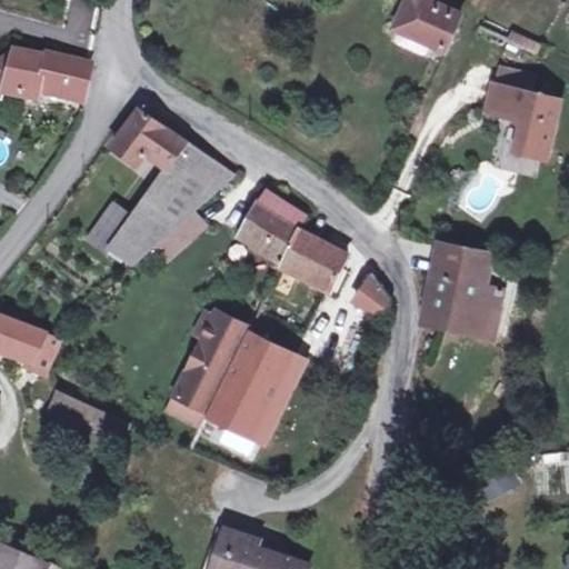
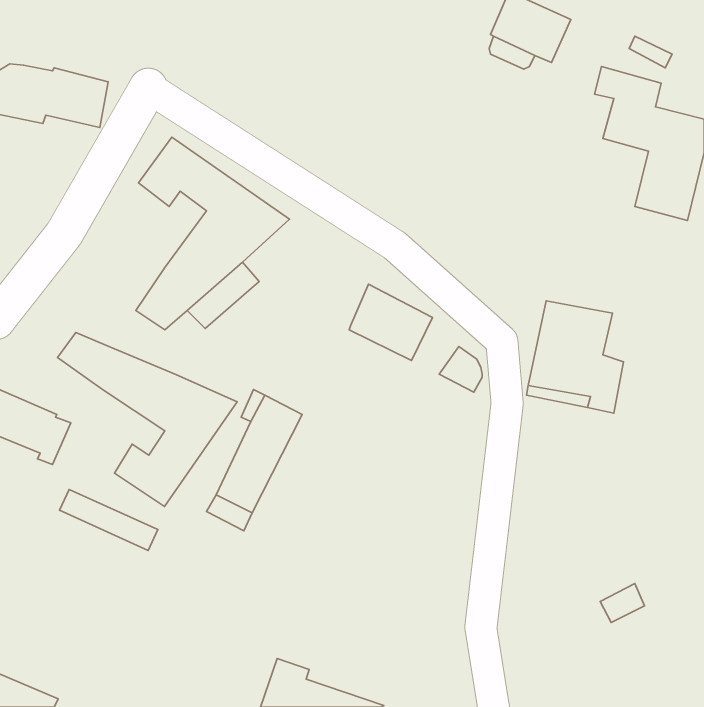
building: [239,189,305,261] -> none
building: [84,200,132,254] -> none
building: none -> [57,332,237,507]
building: [208,333,293,438] -> none

